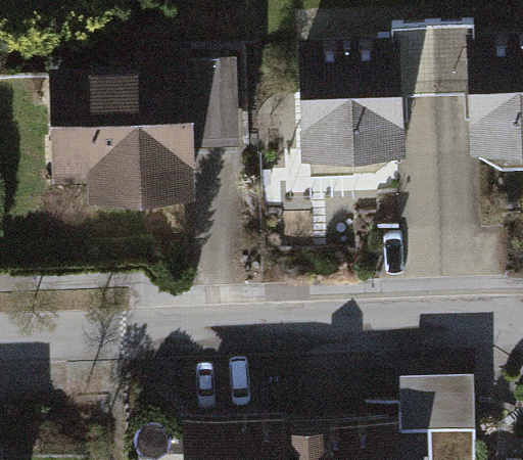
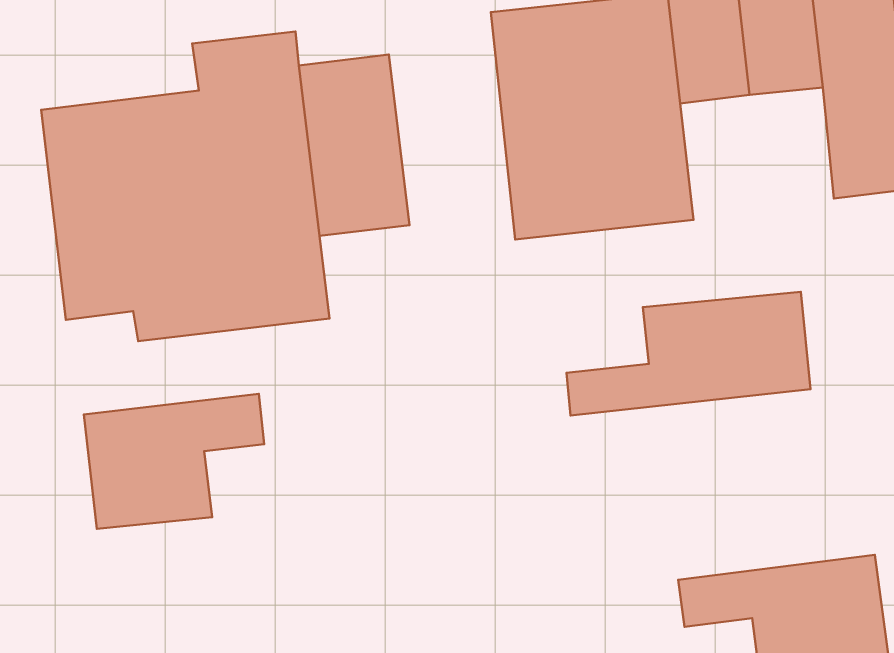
building: none -> [566,292,811,416]
building: none -> [84,394,264,529]

